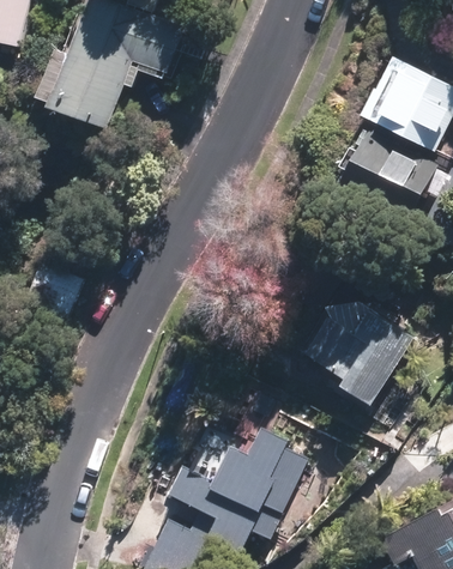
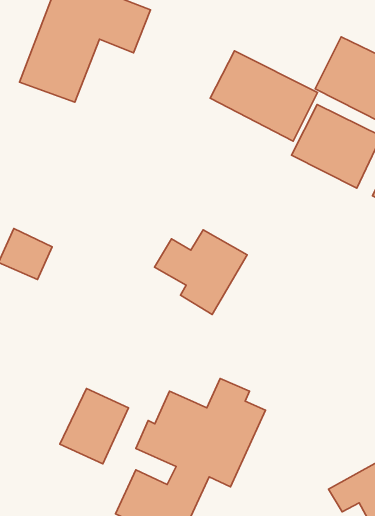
building: none -> [210,51,318,141]
building: [309,315,407,405] -> [155,230,247,314]
building: none -> [60,388,128,464]

